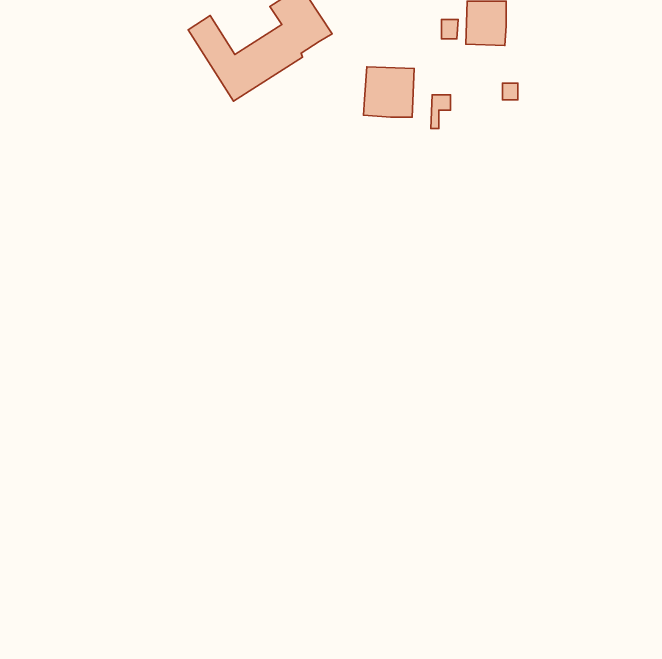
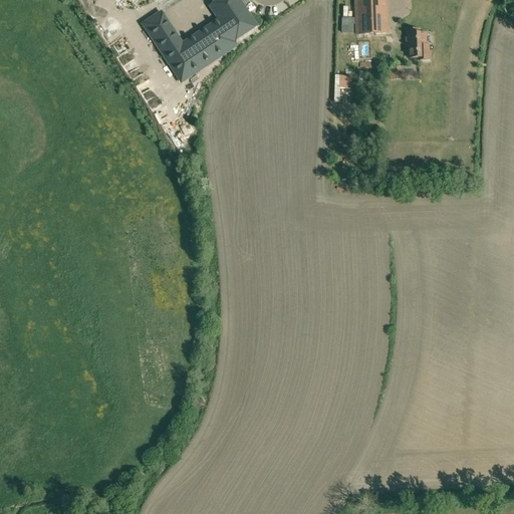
building: none -> [407,27,428,58]
building: [364,67,414,117] -> none

